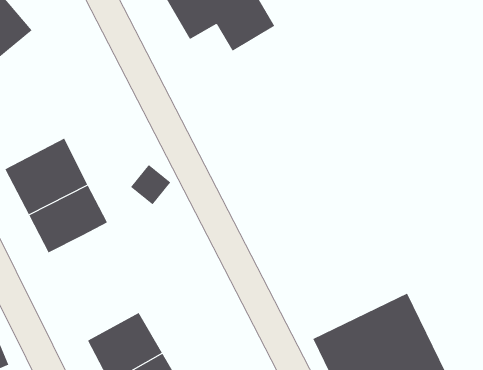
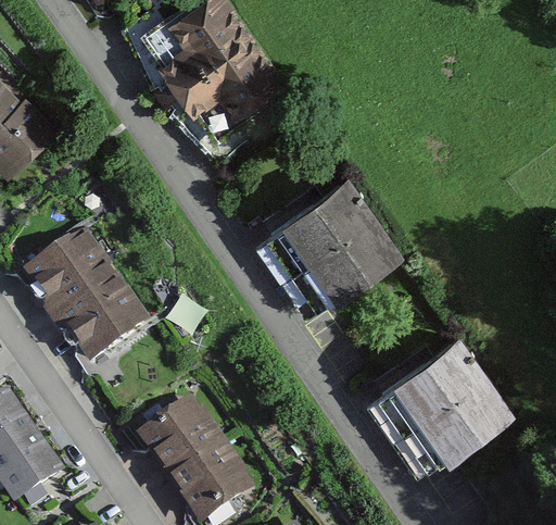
building: none -> [260,177,405,316]
building: [130,164,171,205] -> [165,297,206,338]

